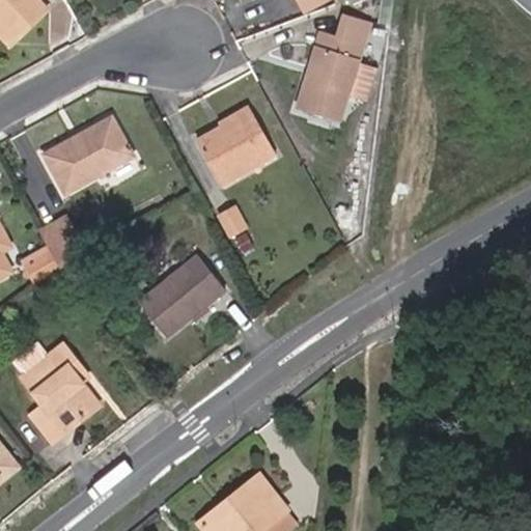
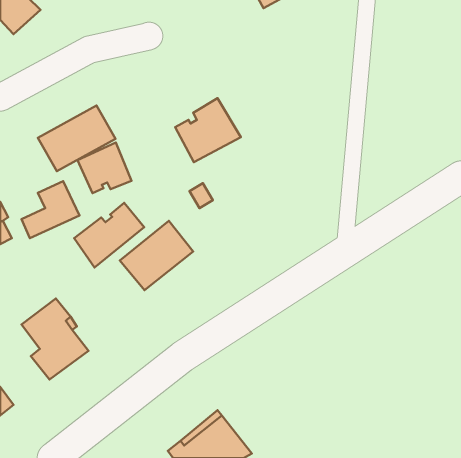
building: [298,21,364,119] -> none
building: none -> [77,143,131,193]
building: none -> [74,203,144,267]

